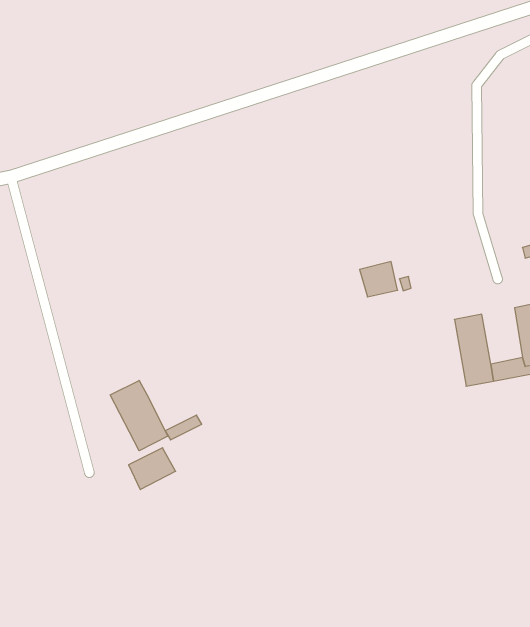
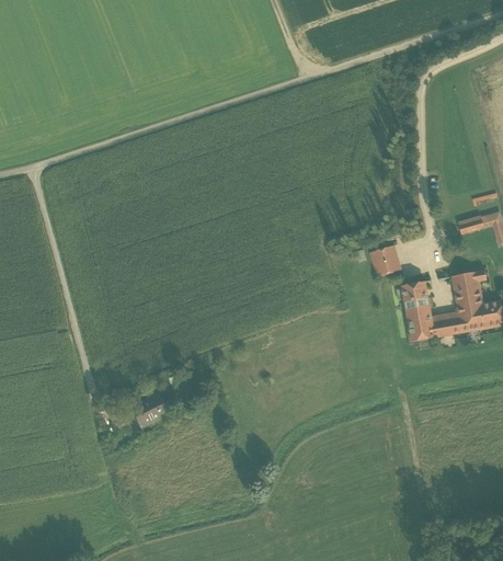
building: [360,262,398,297] -> [368,245,400,275]
building: [110,380,168,451] -> none

